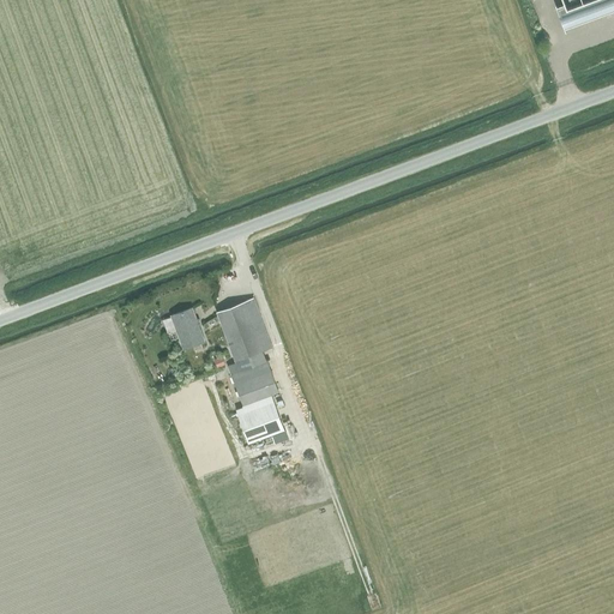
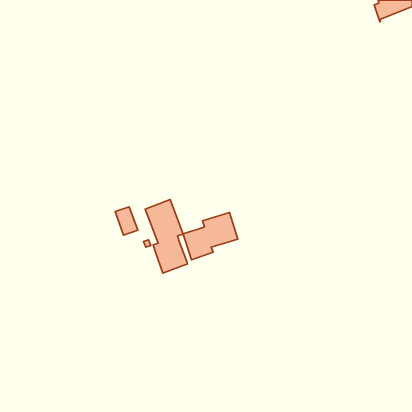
building: none -> [183,213,238,260]
building: [235,396,284,444] -> none

